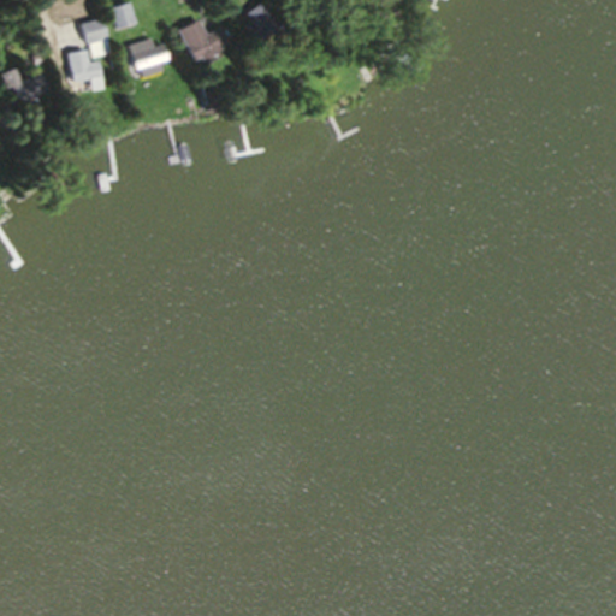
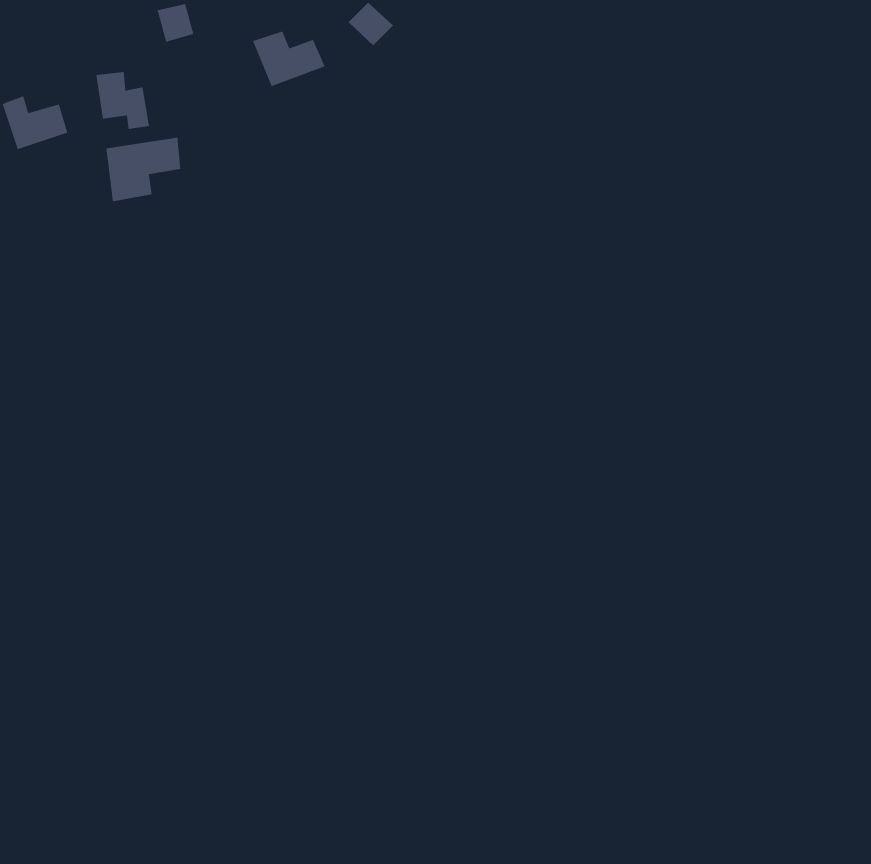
building: [82,19,112,59] -> none
building: [129,38,172,76] -> none
building: none -> [106,137,181,202]

